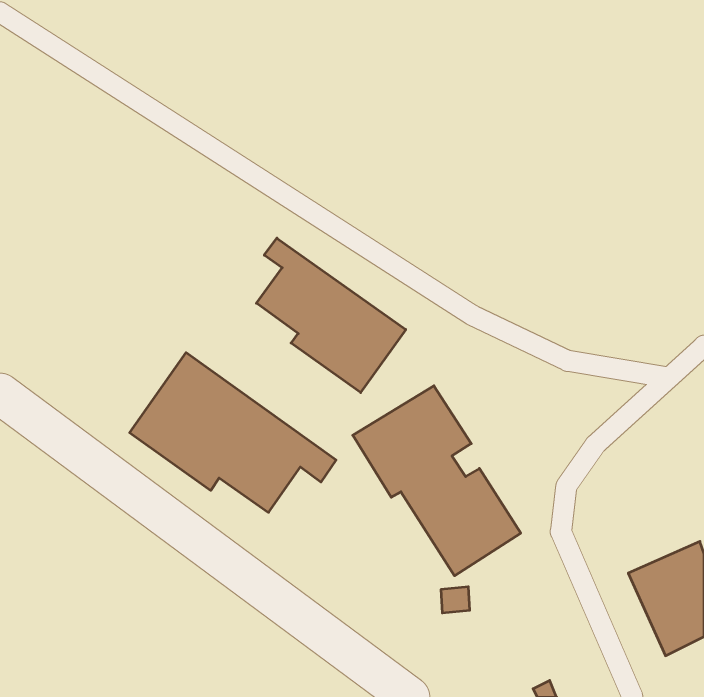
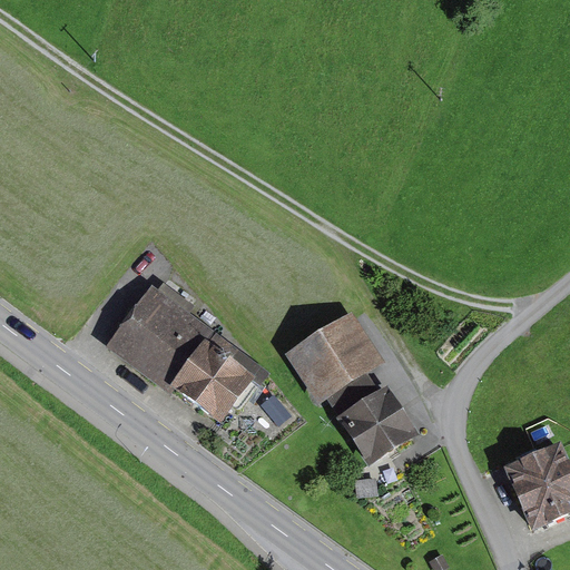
building: [256,238,406,393] -> none

